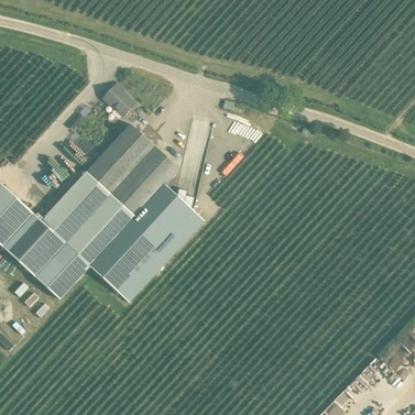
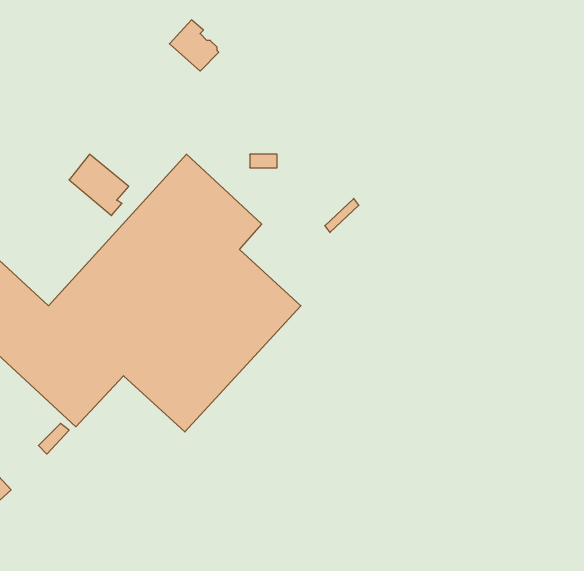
building: [102,81,134,114] -> [169,20,219,71]

